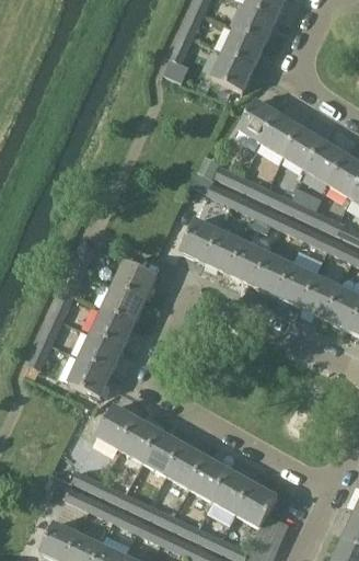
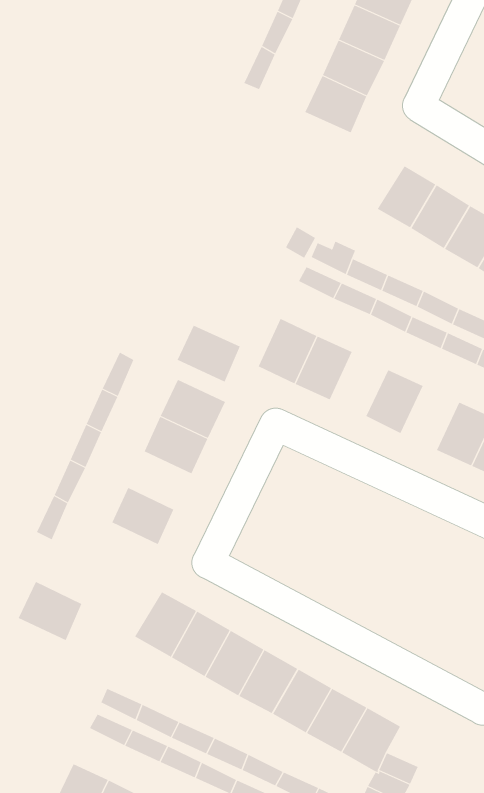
building: [238,99,279,142] -> none
building: none -> [177,325,240,382]
building: [229,240,268,284] -> none
building: [277,263,316,307] -> none
building: [91,308,135,347] -> none
building: [68,356,112,397] -> [18,581,82,641]

